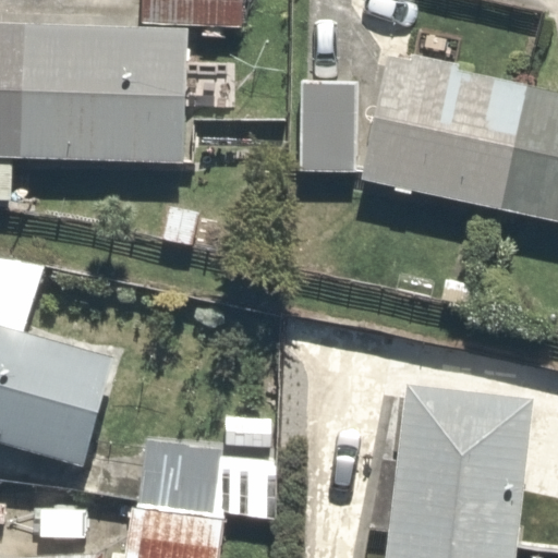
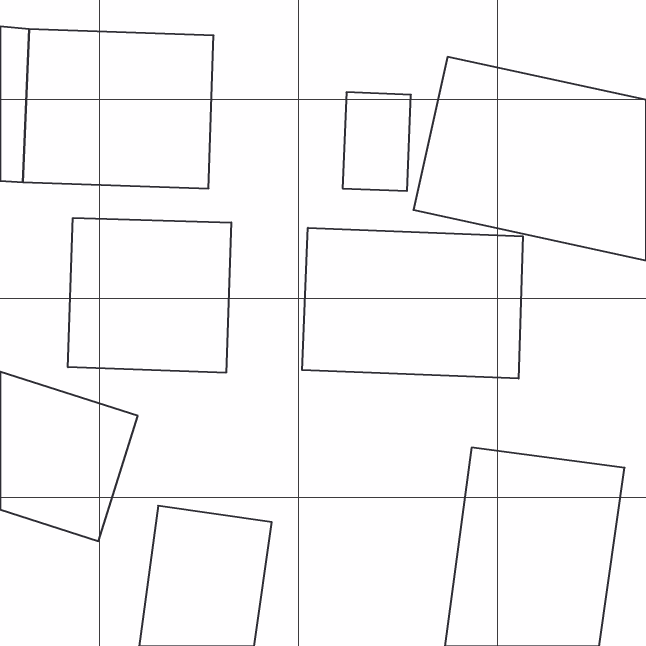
building: none -> [68,218,231,373]
building: none -> [302,228,523,379]

